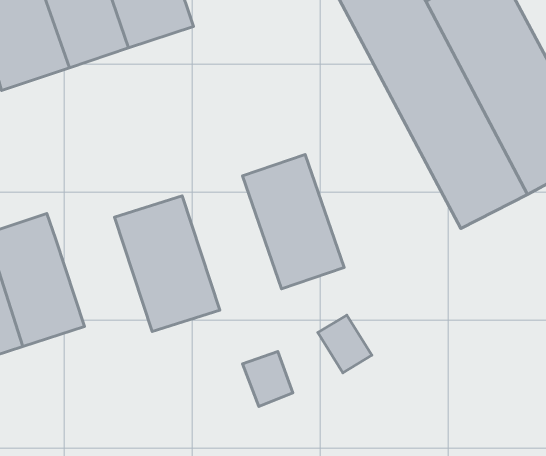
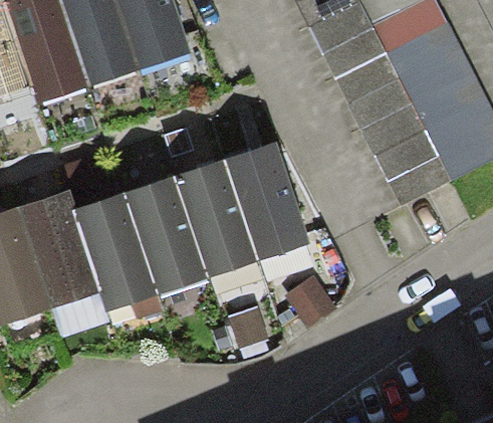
building: none -> [180,164,259,271]
building: none -> [78,197,156,304]

